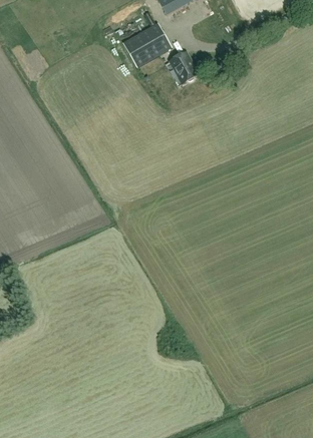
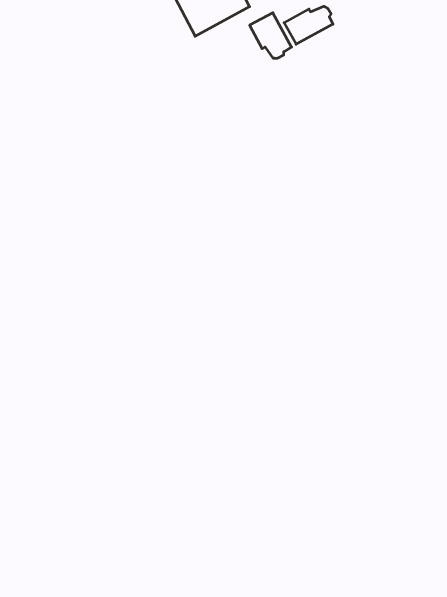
building: none -> [284,6,333,44]

